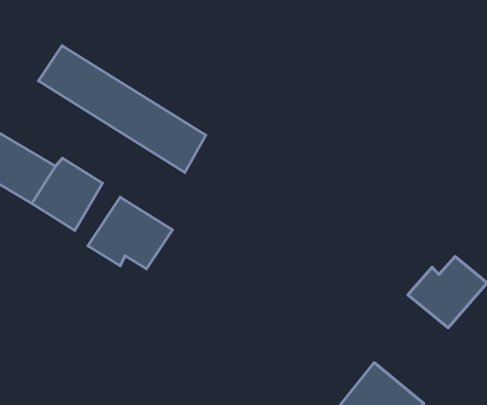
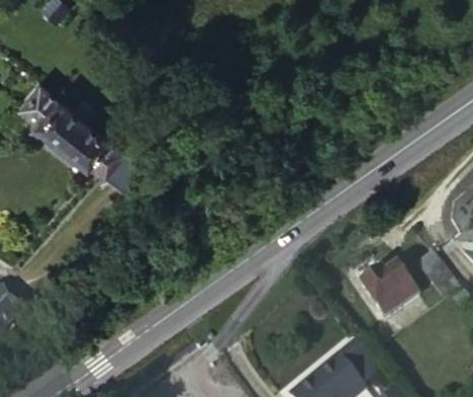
building: [38,46,206,173] -> none
building: [88,197,172,269] -> none

